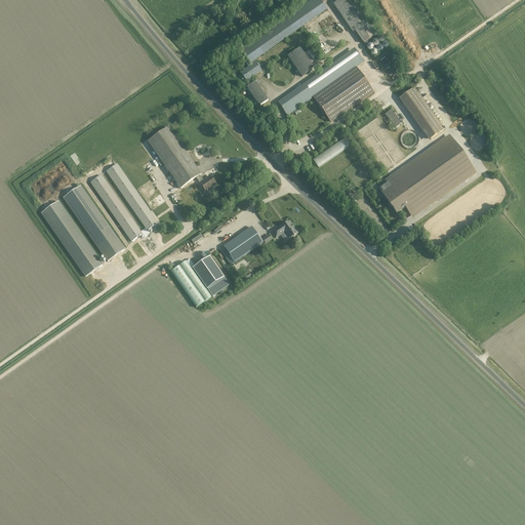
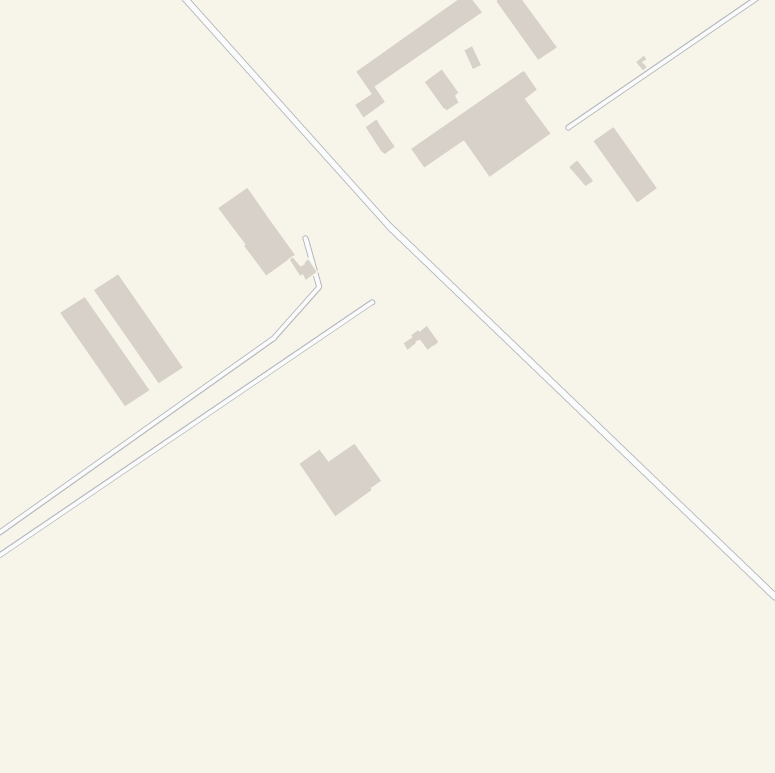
building: [378,136,473,213] -> none
building: [90,163,157,240] -> none
building: [219,226,261,264] -> none
building: [170,255,227,306] -> [298,443,382,517]

